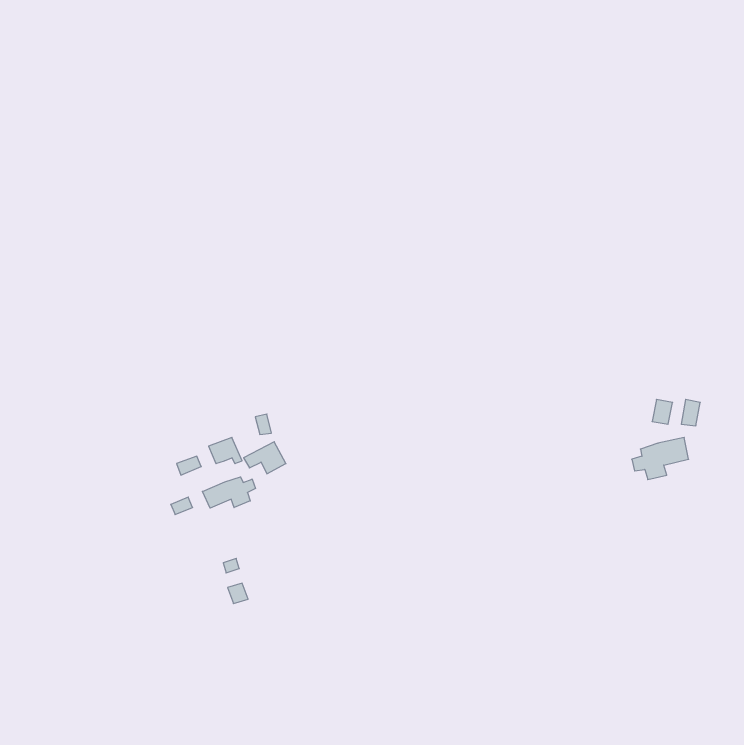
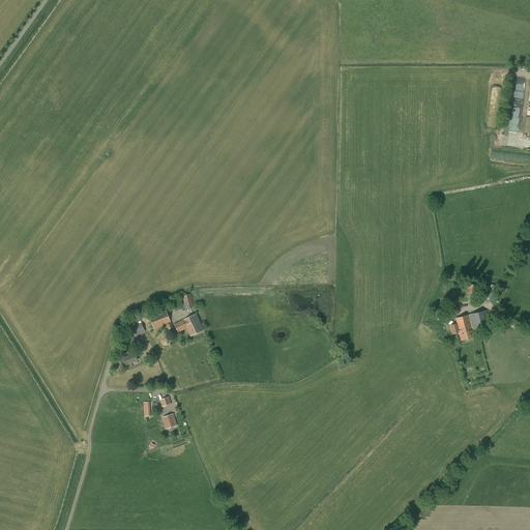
building: [202,477,256,508] -> none

